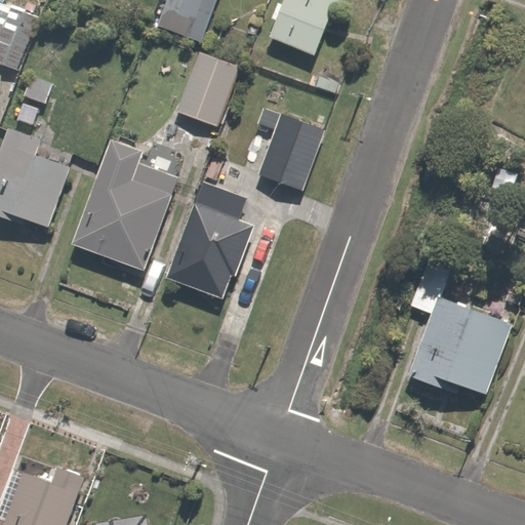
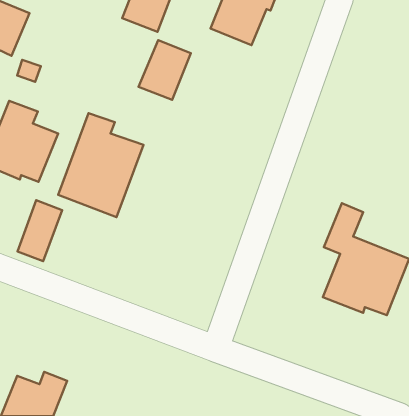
building: [254,113,325,191] -> none
building: [164,185,256,298] -> none
building: none -> [18,200,62,261]

